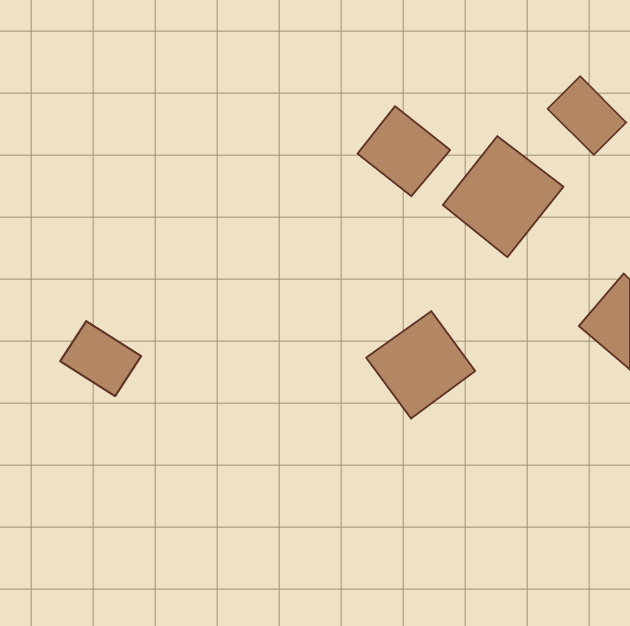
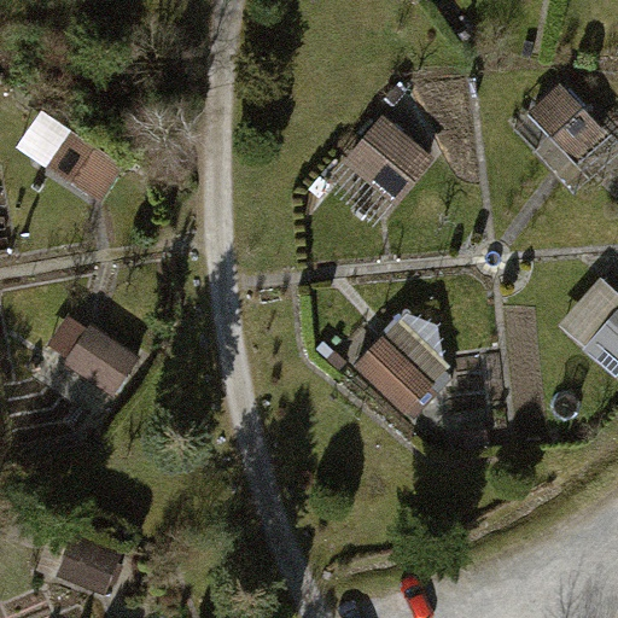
building: [443,136,563,257] -> none

